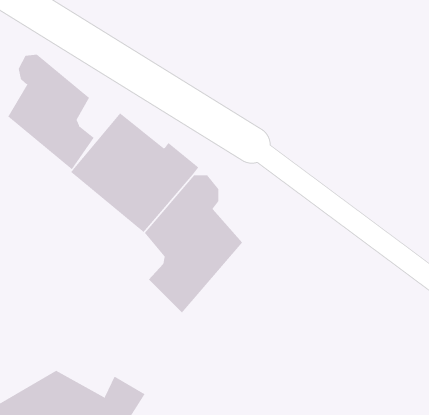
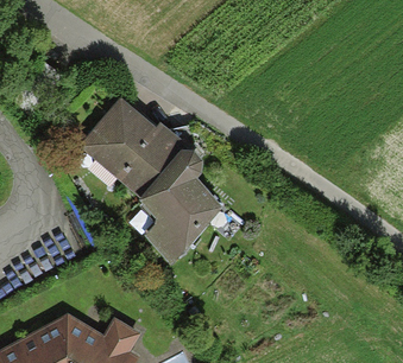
building: [7,54,95,170] -> none

